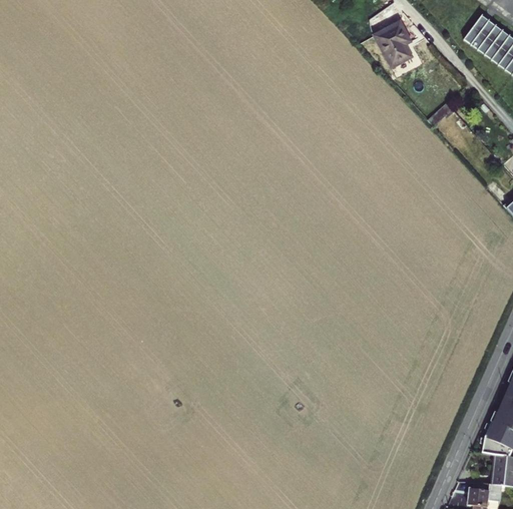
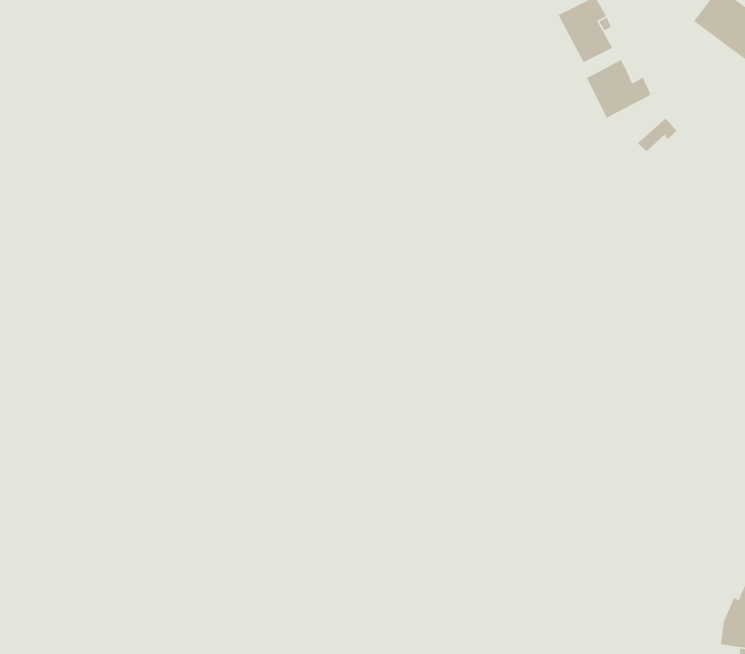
building: none -> [586,59,652,119]

